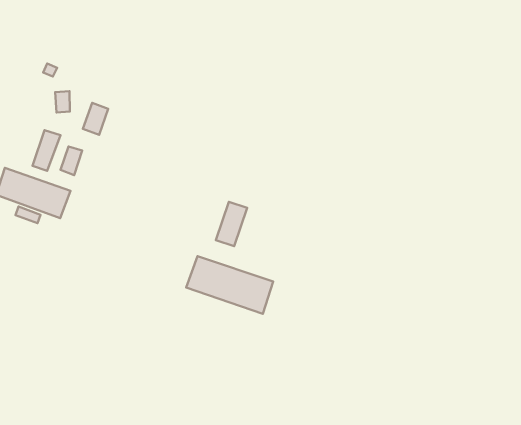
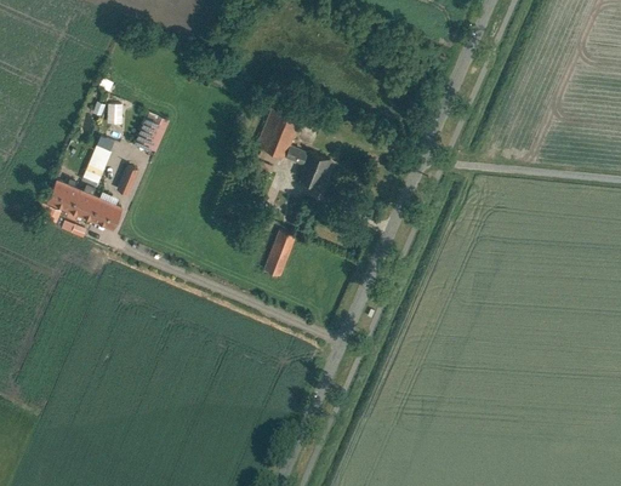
building: none -> [255,109,332,190]
building: [186,256,273,314] -> none

